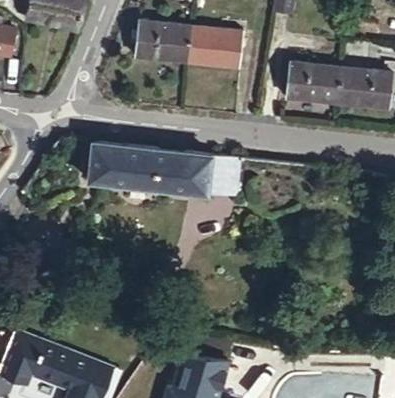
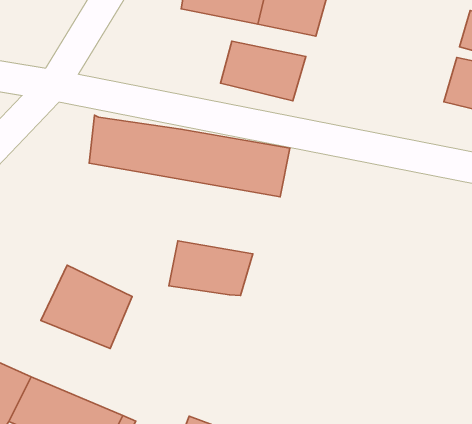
building: [287,66,348,105] -> [220,41,306,101]
building: none -> [169,241,253,295]
building: none -> [41,265,132,348]

